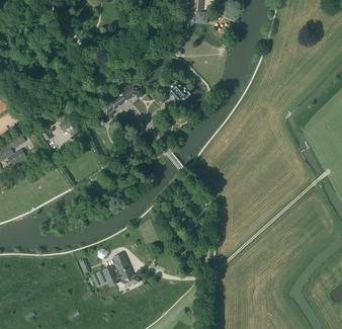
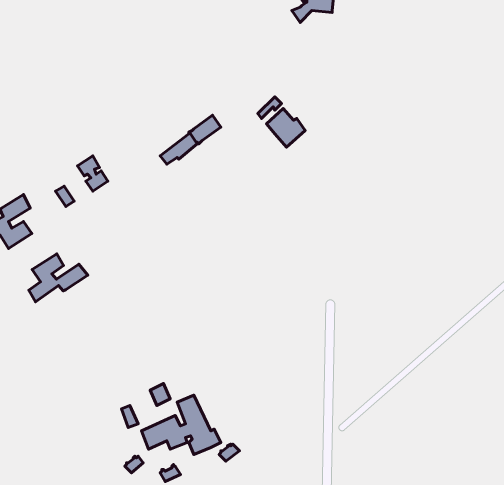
building: none -> [29,254,88,302]

